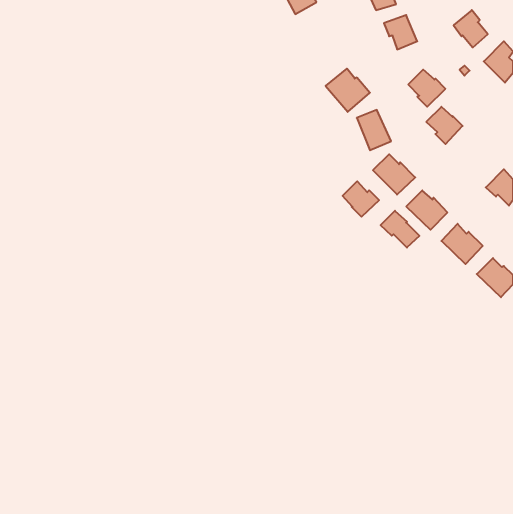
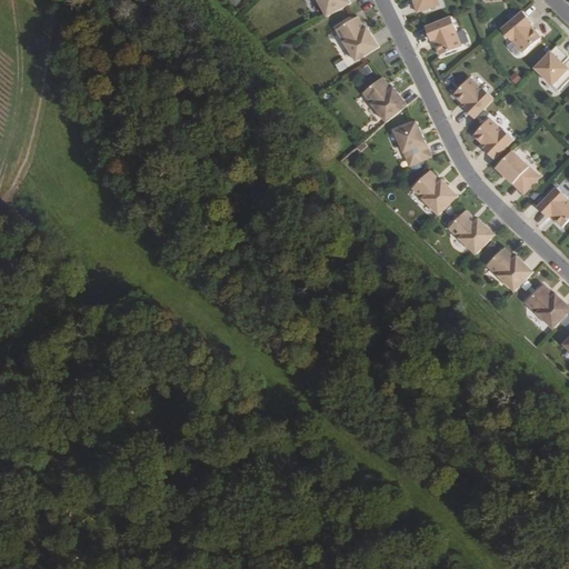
building: none -> [336,16,379,61]
building: none -> [492,152,539,196]
building: [343,181,379,217] -> none
building: [381,211,419,248] -> none

